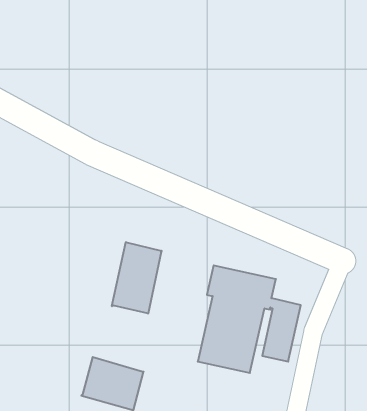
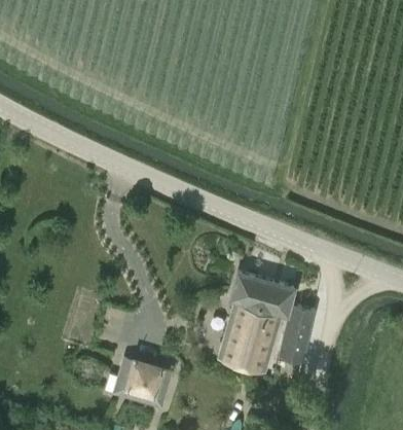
building: [112,242,162,314] -> none

